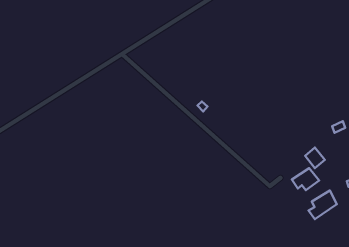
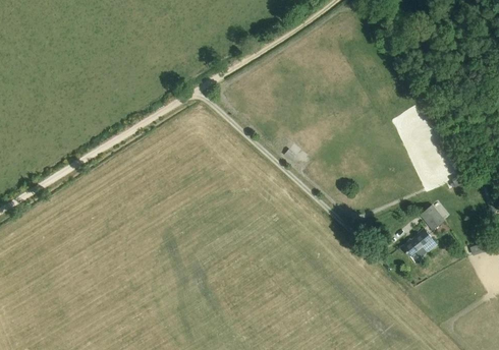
building: [309,190,337,219] -> none

